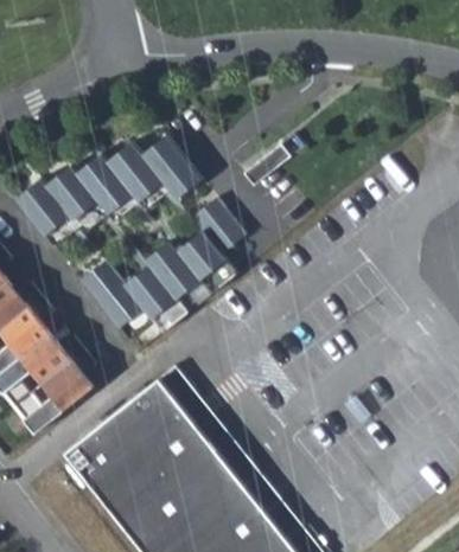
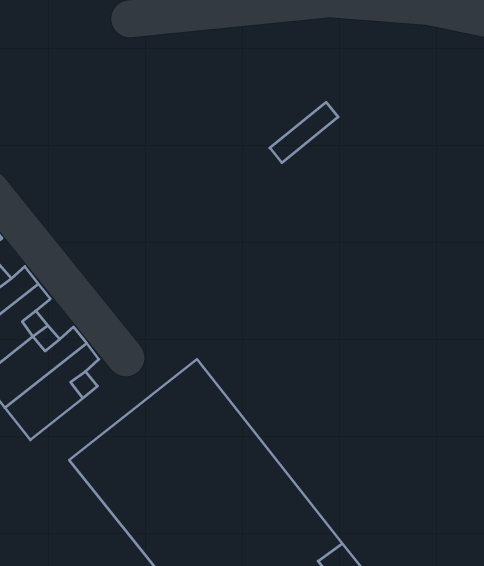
building: [12,135,199,248] -> none
building: [77,198,243,334] -> none

